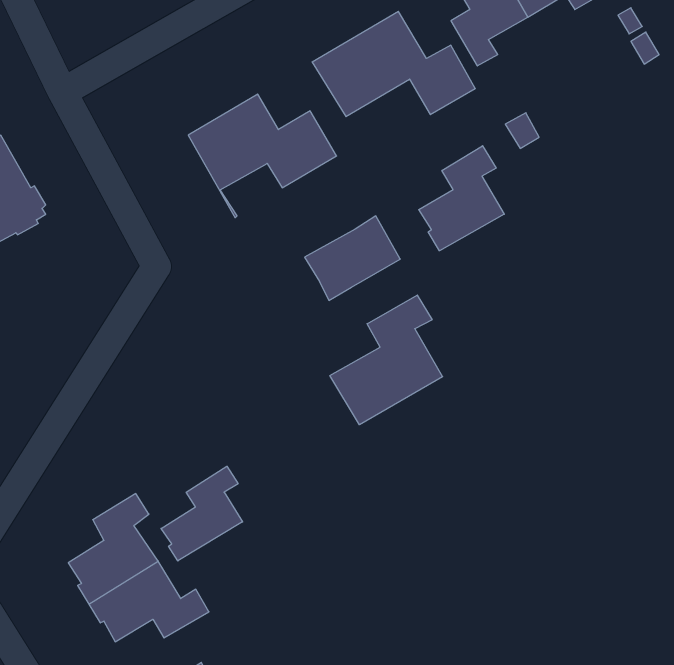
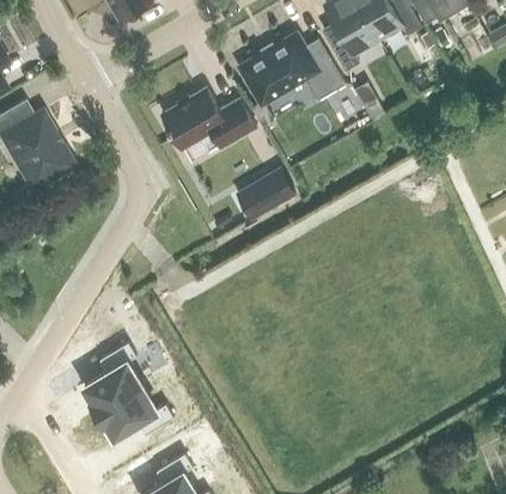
building: [419,146,504,251] -> none
building: [330,295,443,425] -> none
building: [161,466,243,561] -> none

